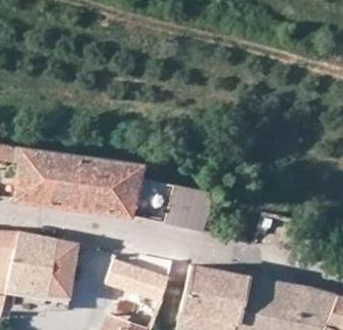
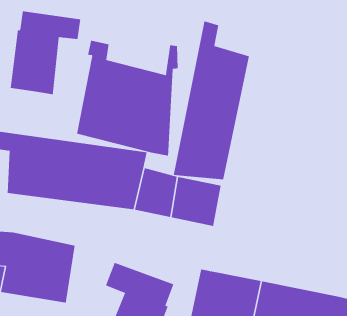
building: none -> [10,11,81,95]
building: none -> [173,20,249,180]
building: none -> [76,40,178,156]

